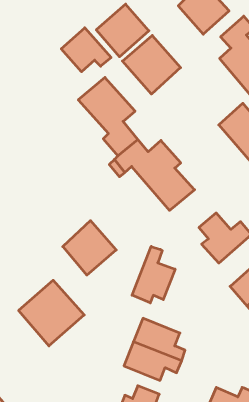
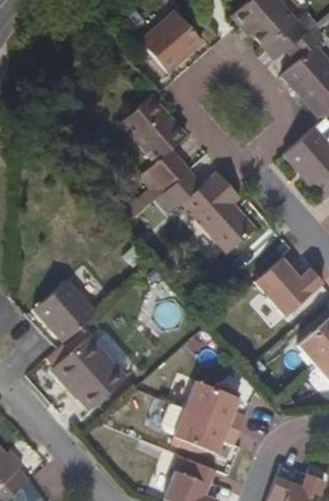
building: [61,28,111,72] -> none
building: [122,35,181,94] -> none
building: [63,221,116,275] -> [32,278,95,342]
building: [132,246,175,303] -> none

